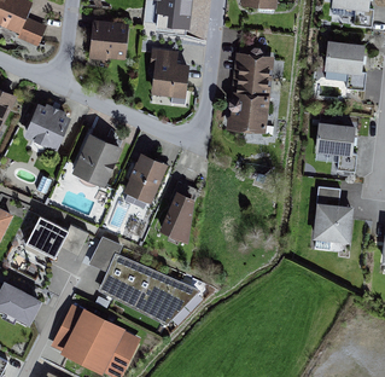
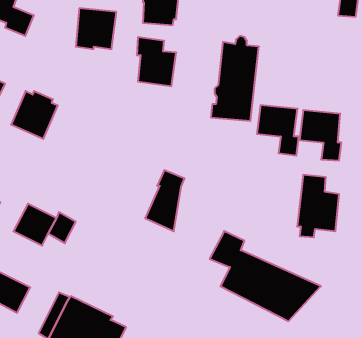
building: [323,41,366,92] -> [257,105,299,156]
building: [71,133,121,187] -> none
building: [123,152,168,204] -> none
building: [87,236,199,326] -> [210,231,321,321]

